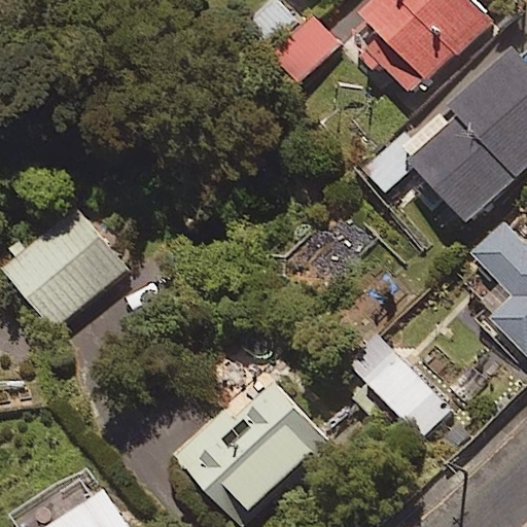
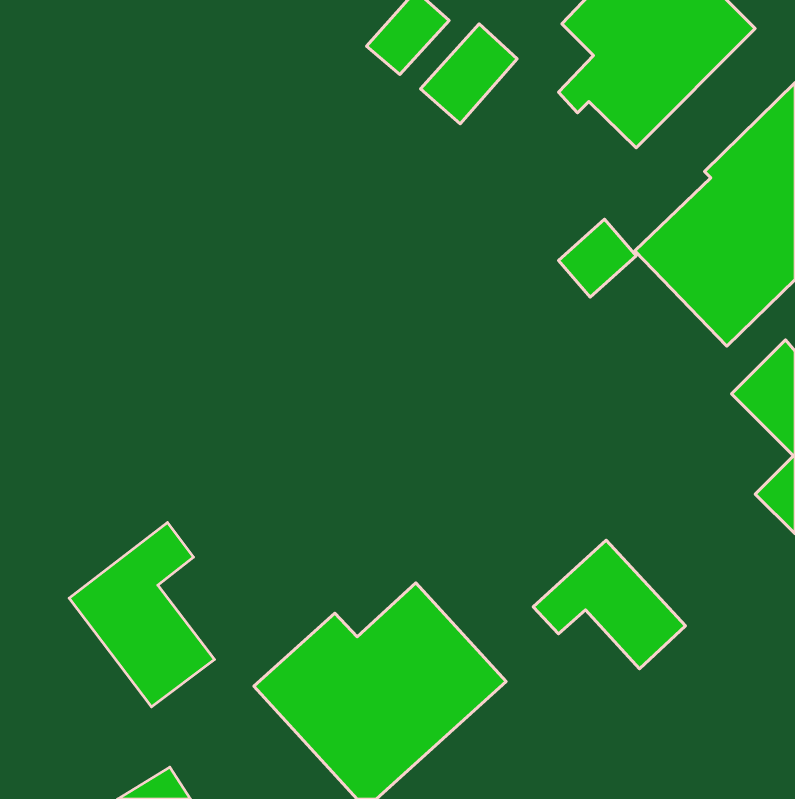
building: [7,212,126,326] -> none
building: none -> [69,522,214,707]

